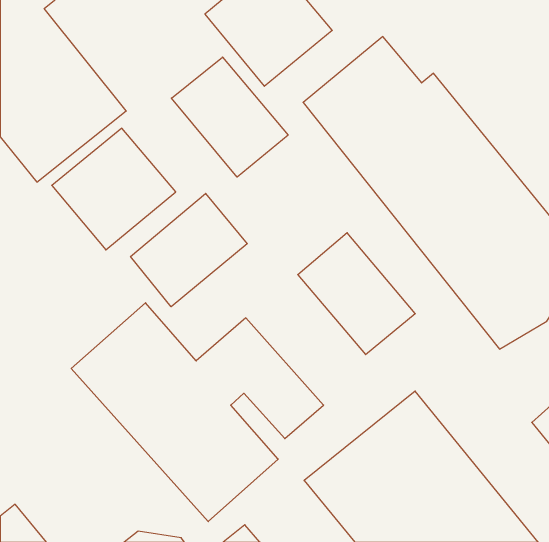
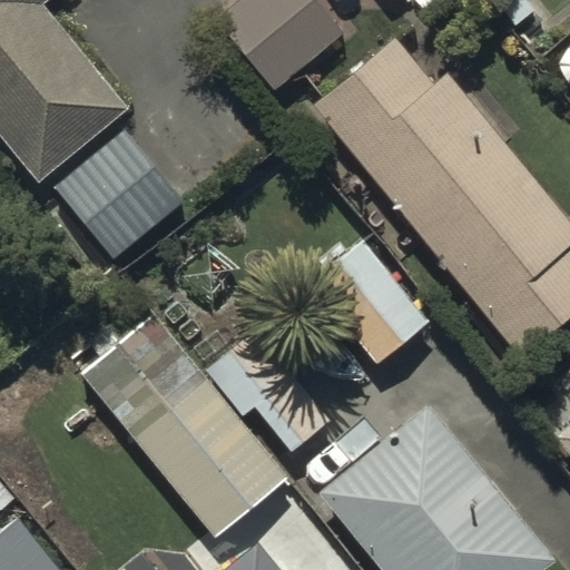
building: [171,57,288,177] -> none
building: [131,193,247,307] -> none

